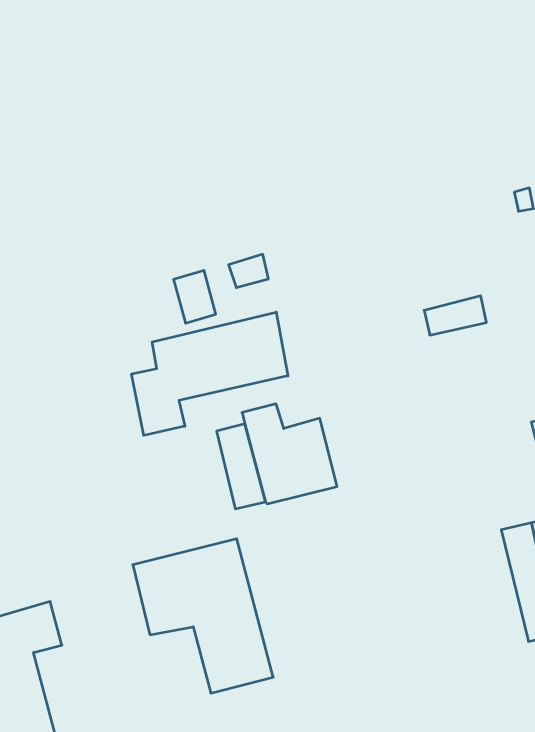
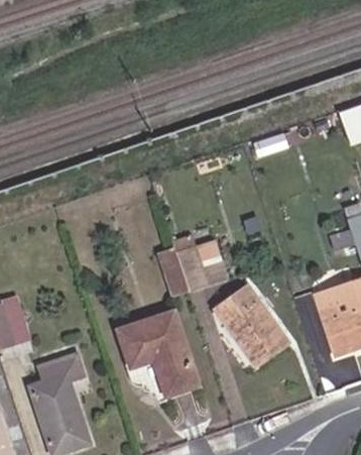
building: [132,312,288,435] -> none
building: none -> [215,286,288,365]

